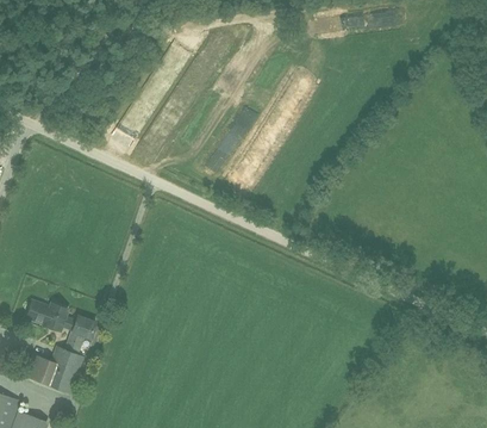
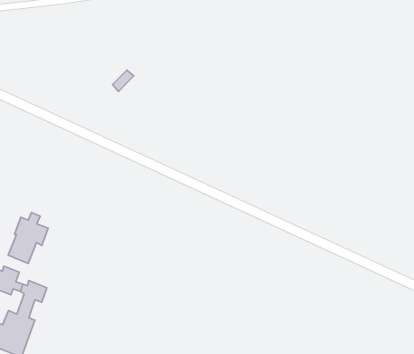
building: none -> [8,212,48,263]

